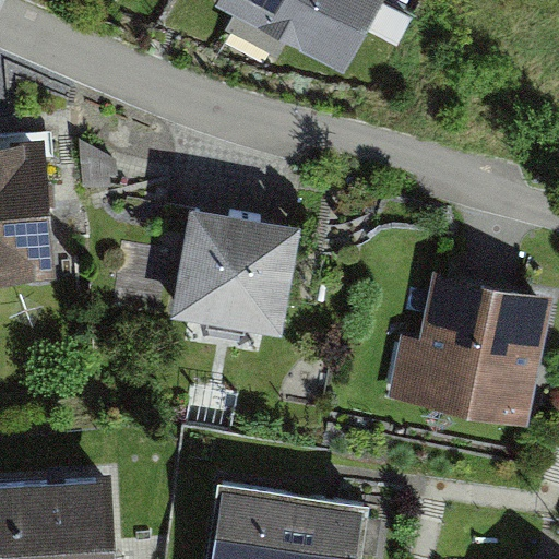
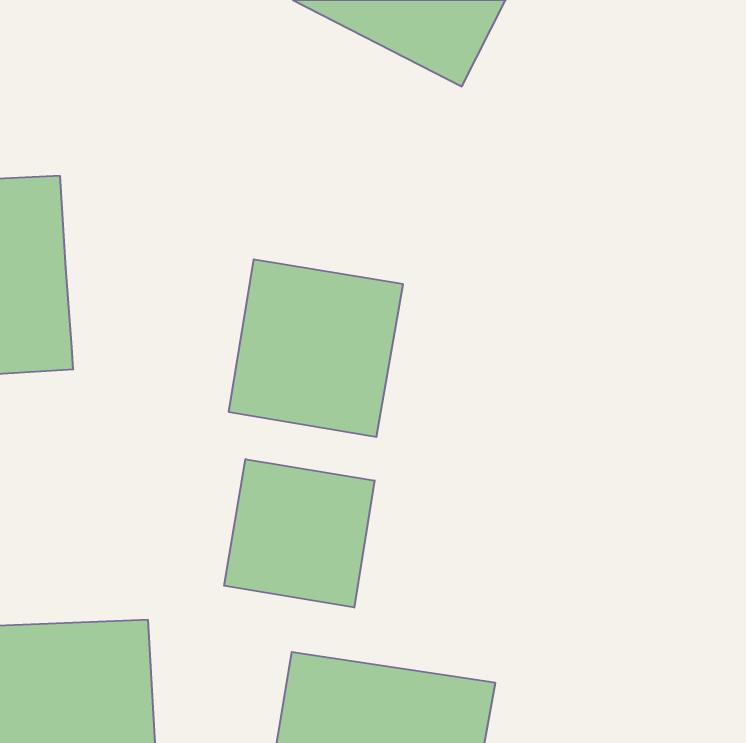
building: [388,280,551,431] -> none
building: none -> [224,459,375,608]

